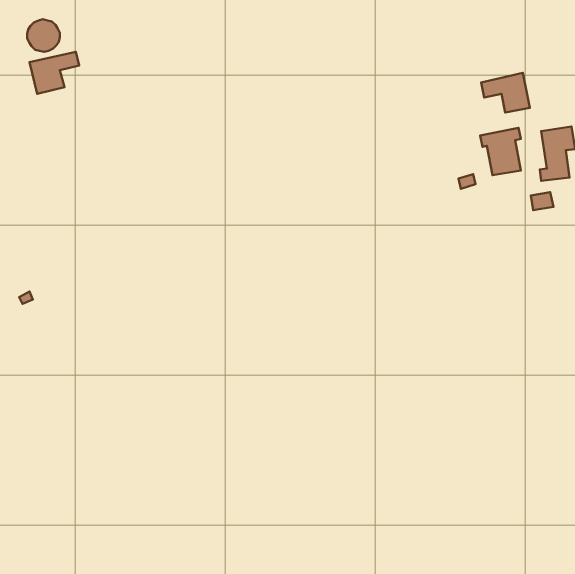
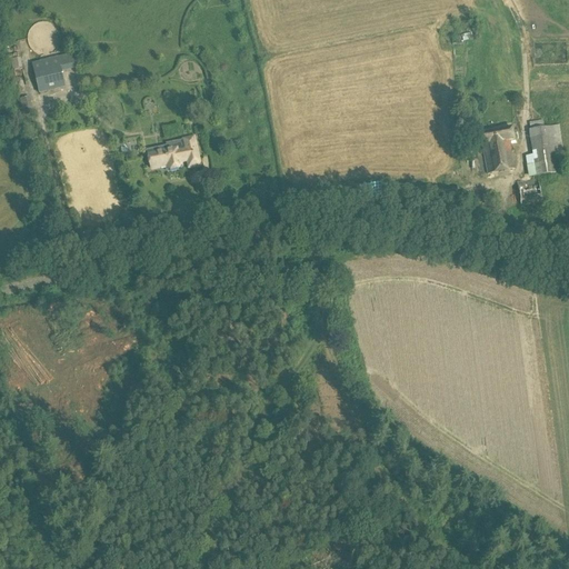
building: [481,73,530,113] -> none
building: none -> [146,137,197,168]

